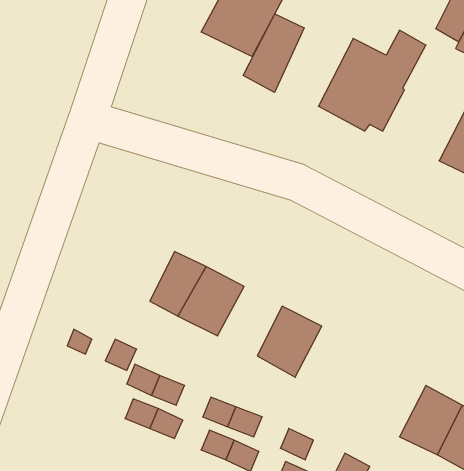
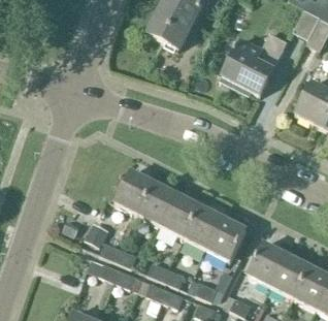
building: [243,14,304,92] -> none
building: none -> [157,193,197,236]
building: none -> [205,218,247,262]
building: none -> [248,244,287,287]

